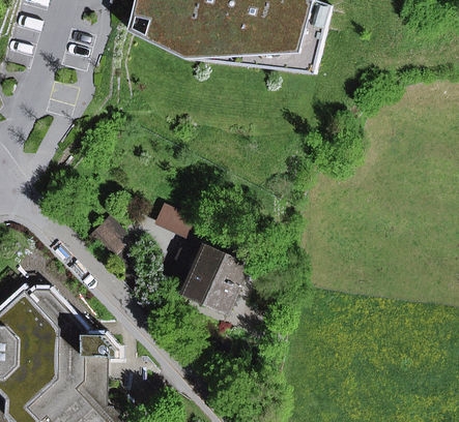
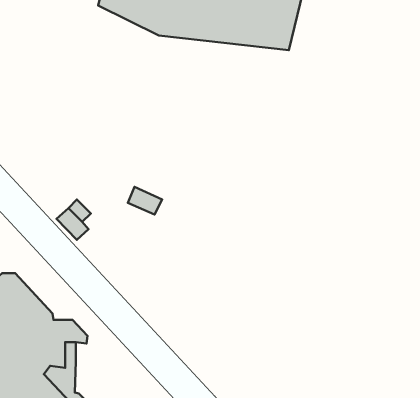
building: [174,239,247,311] -> none

